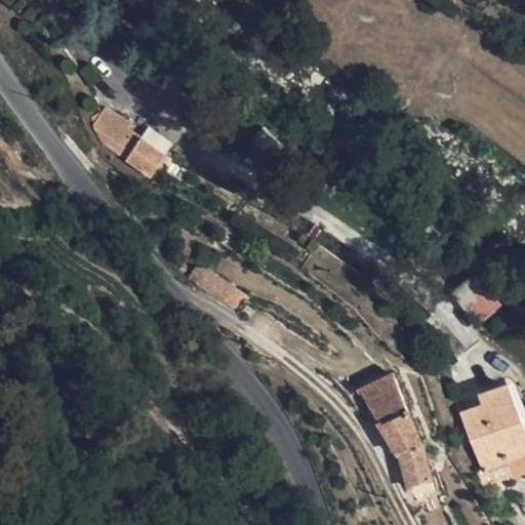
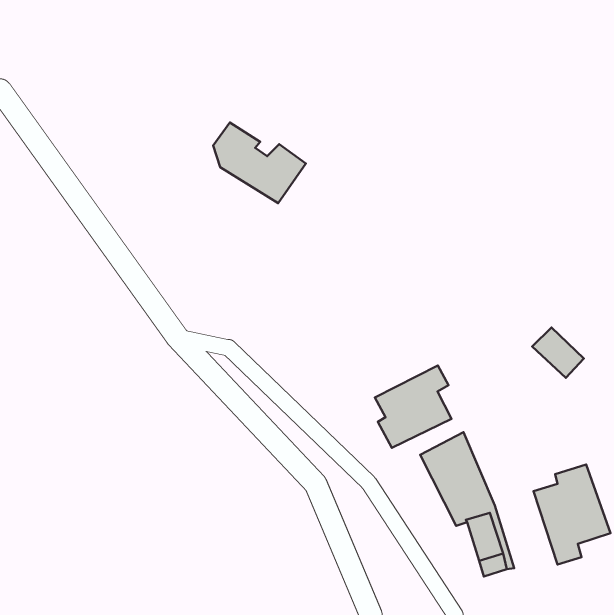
building: [94,108,173,176] -> [213,123,306,203]
building: none -> [375,366,451,448]

